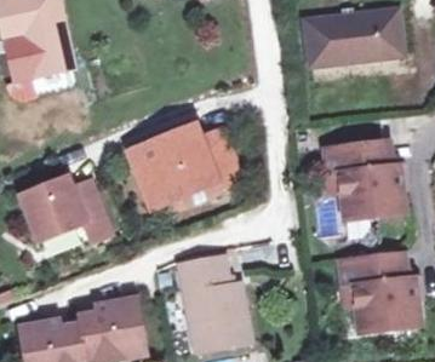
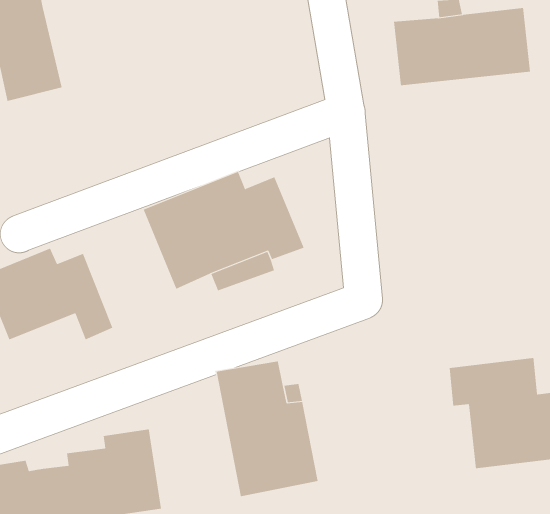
building: [326,140,406,218] -> none

